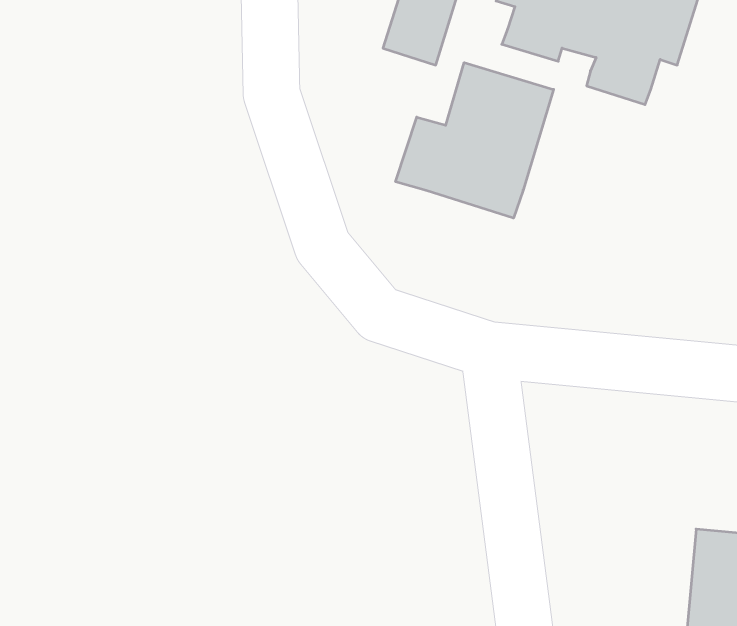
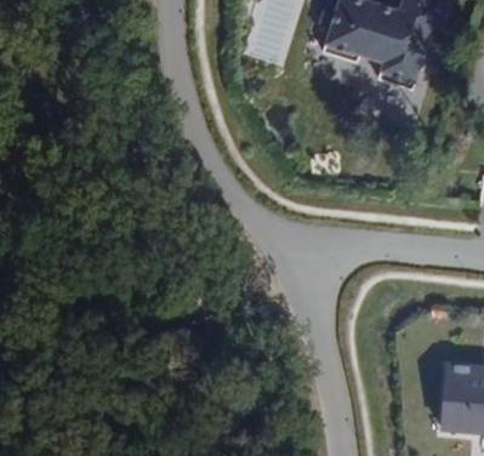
building: [396,63,554,218] -> none

